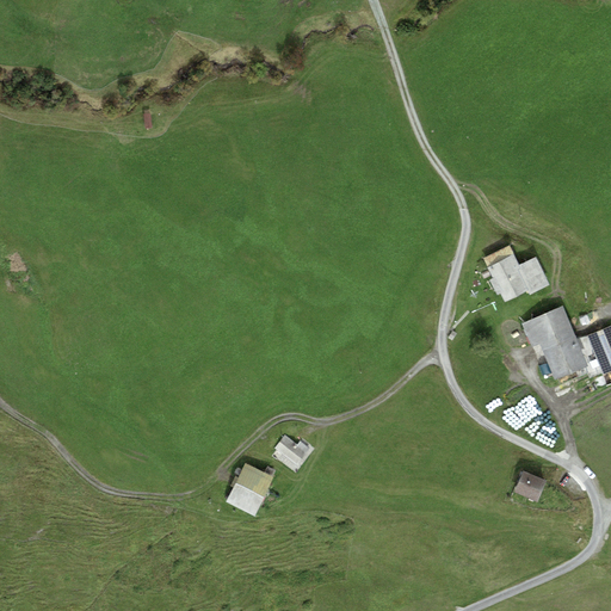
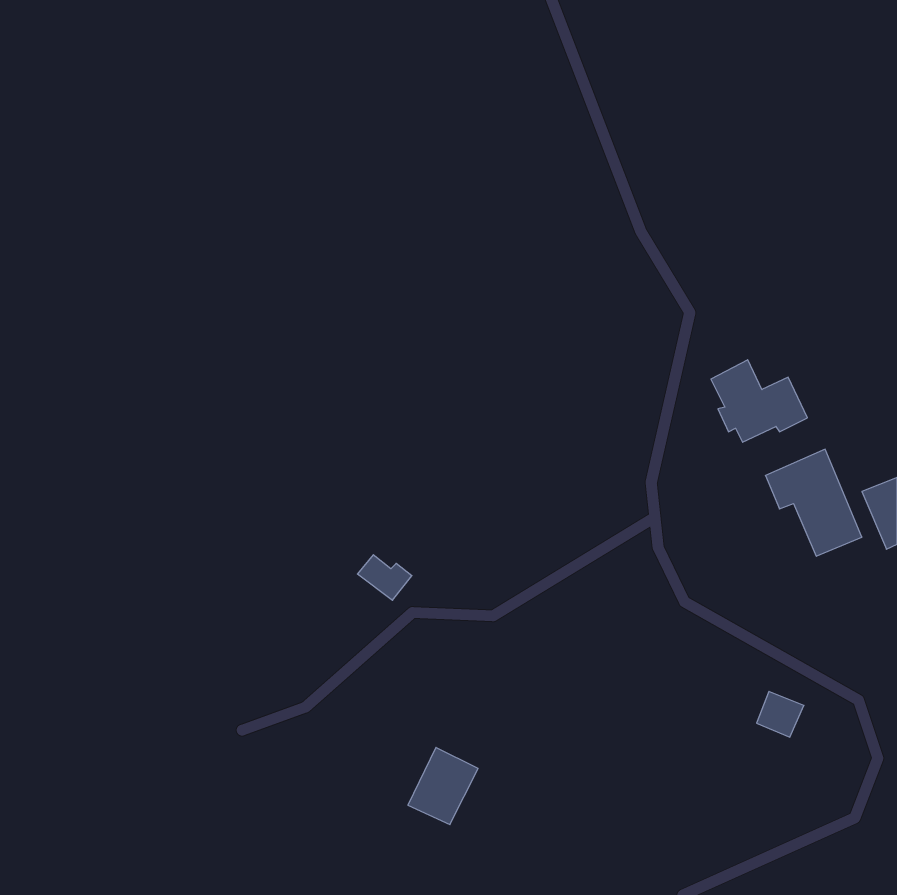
building: [273,433,310,464] -> [357,555,412,600]
building: [226,462,273,514] -> [408,747,478,825]

